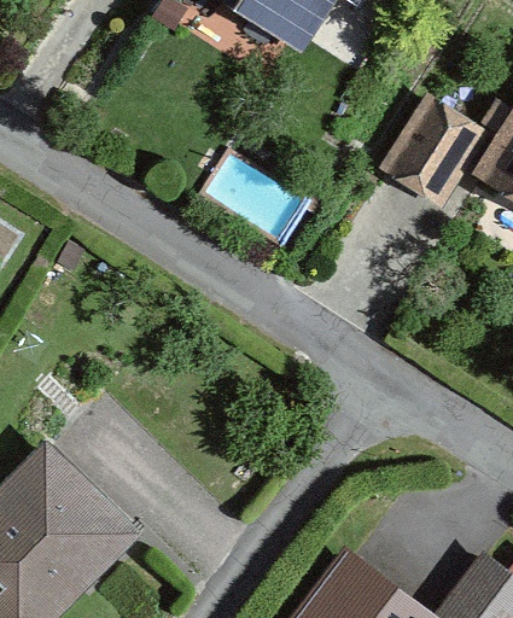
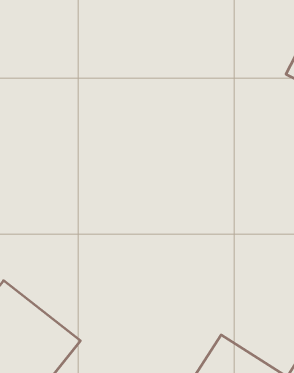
building: [383,92,479,200] -> none

